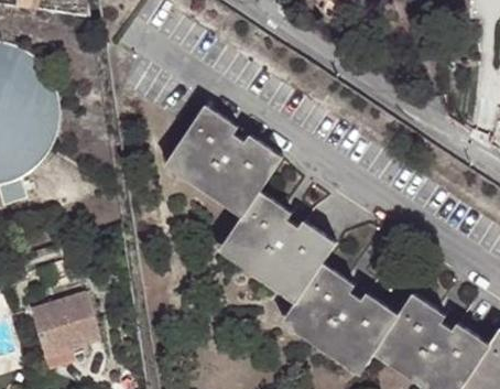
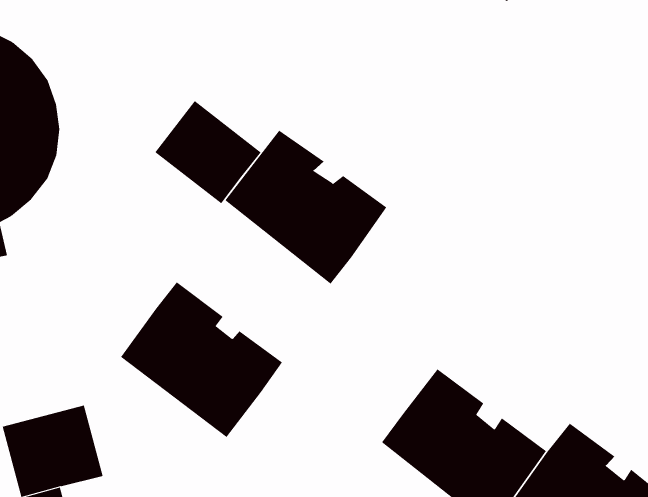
building: none -> [155,100,262,204]
building: [224,190,334,293] -> [120,282,283,438]

